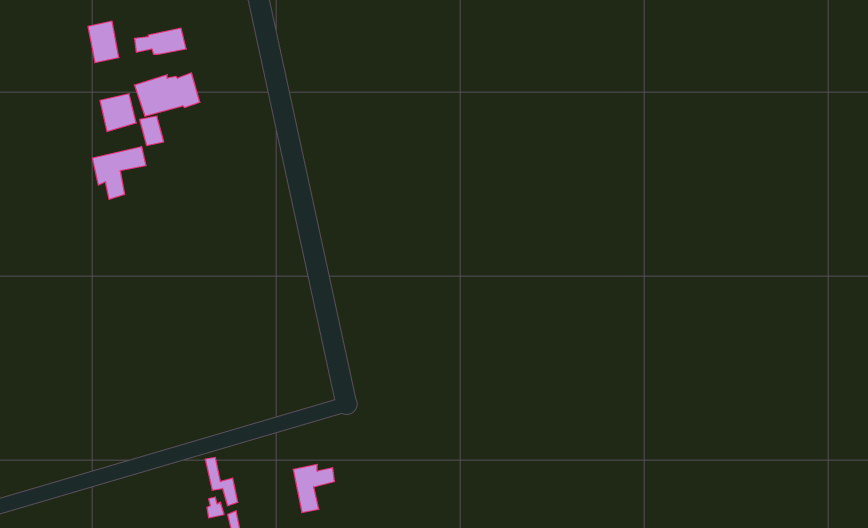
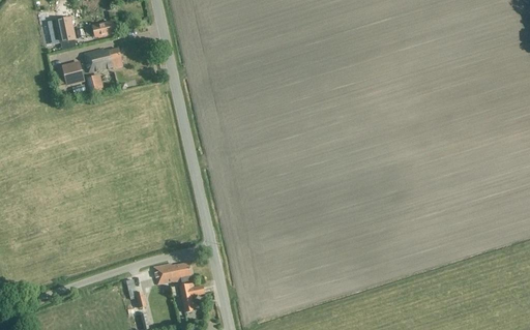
building: [92,146,146,199] -> none
building: none -> [154,263,192,286]

